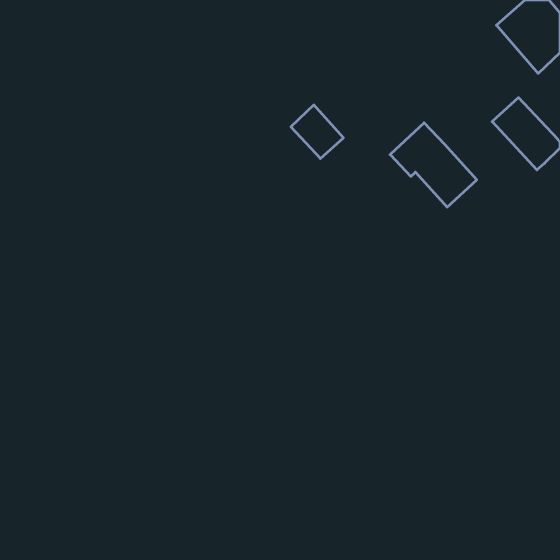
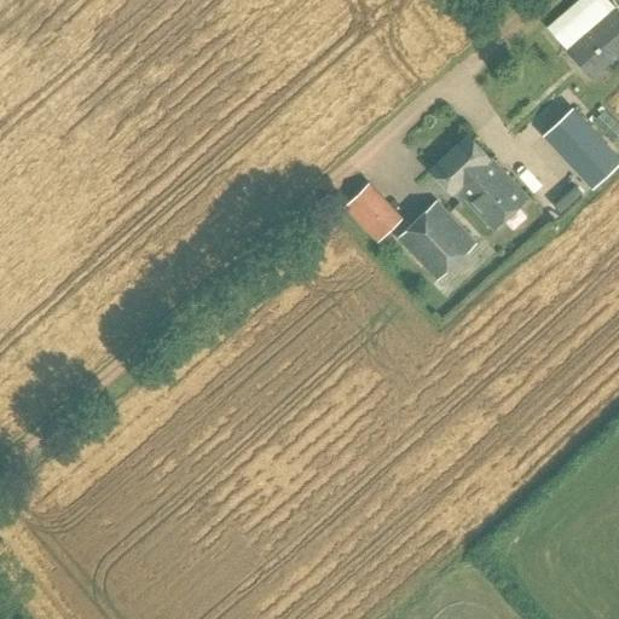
building: [291,105,343,159] -> [345,184,403,243]
building: none -> [398,202,476,279]

